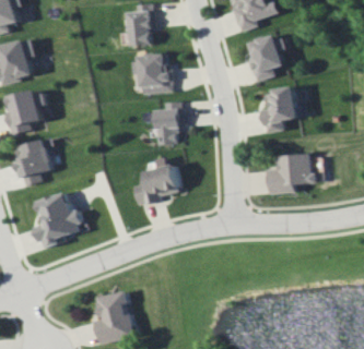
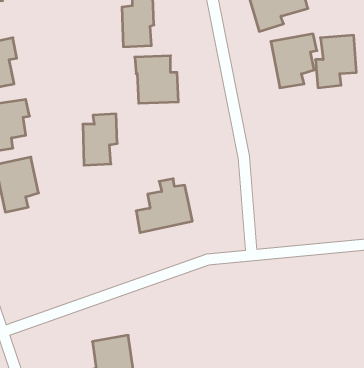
building: [266,87,301,132] -> [315,35,356,88]
building: [154,100,184,144] -> [83,114,117,165]
building: [271,153,321,193] -> none
building: [37,191,85,248] -> none

